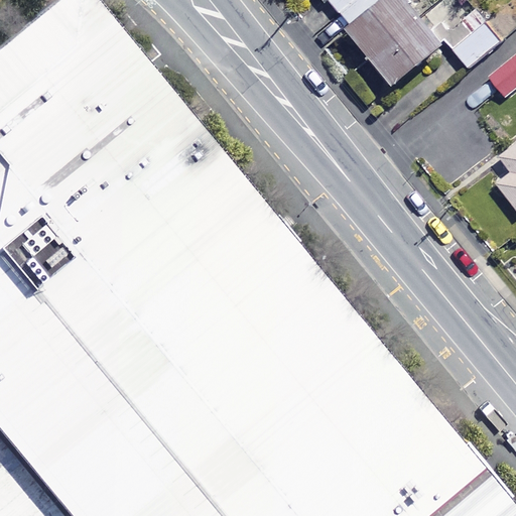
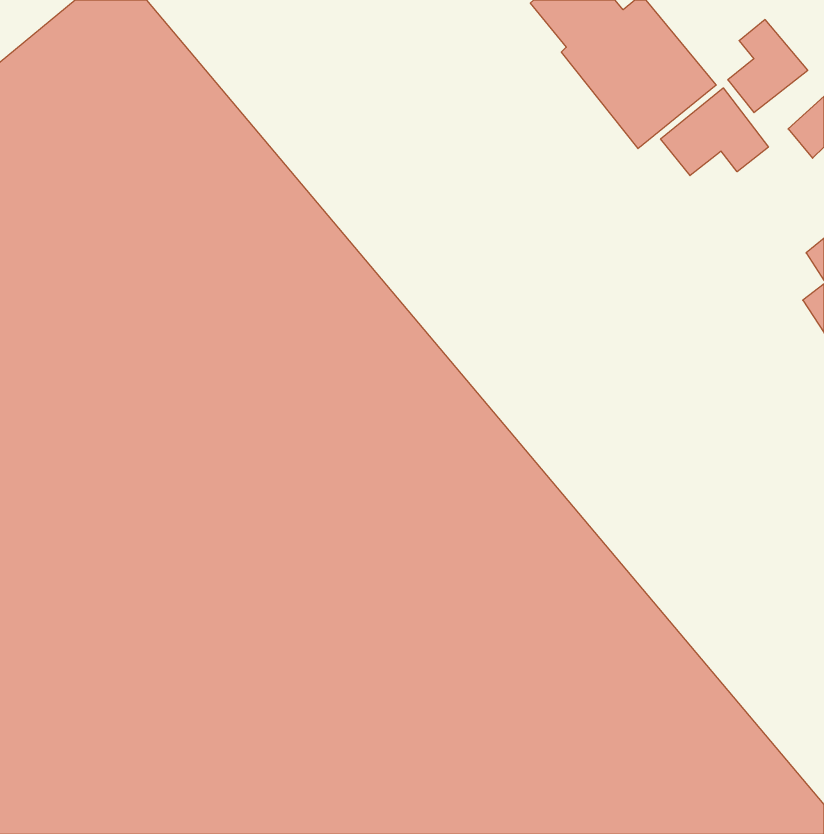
building: none -> [661,88,768,176]

